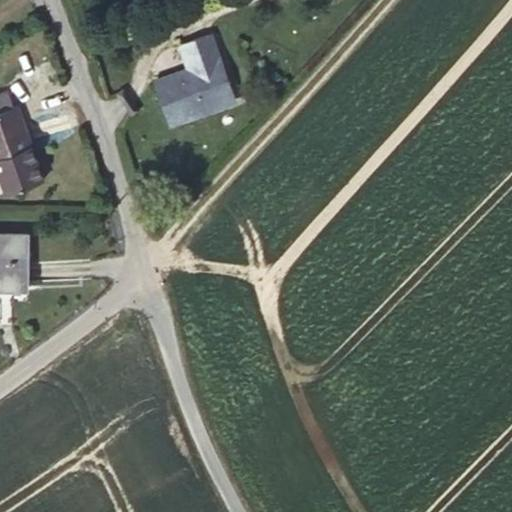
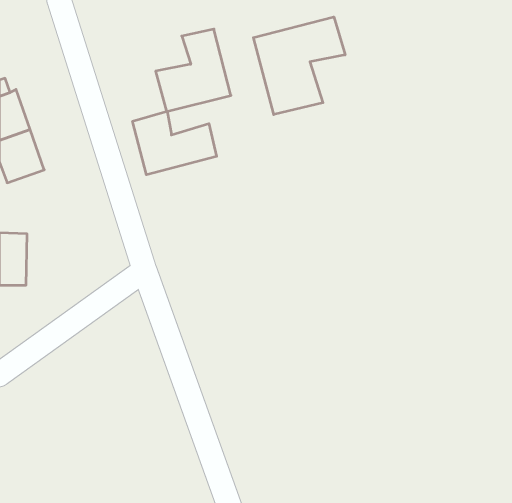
building: none -> [253,17,345,115]
building: none -> [133,111,217,175]

